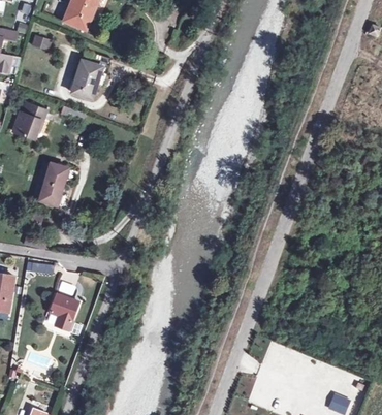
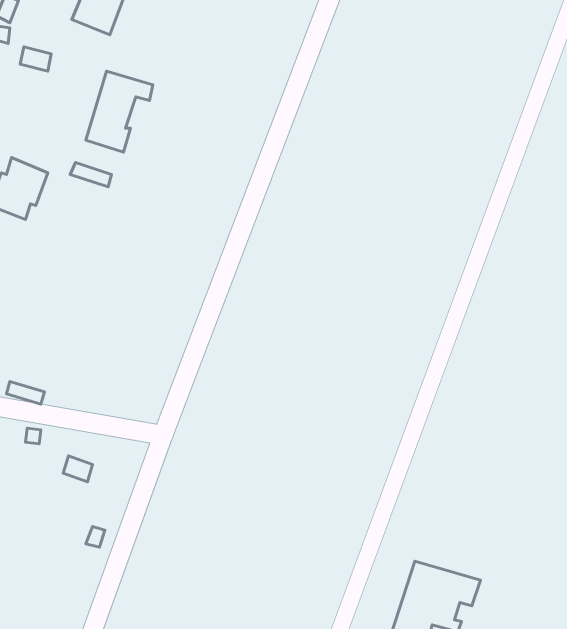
building: [30,160,66,204] -> none
building: [50,293,79,329] -> none

